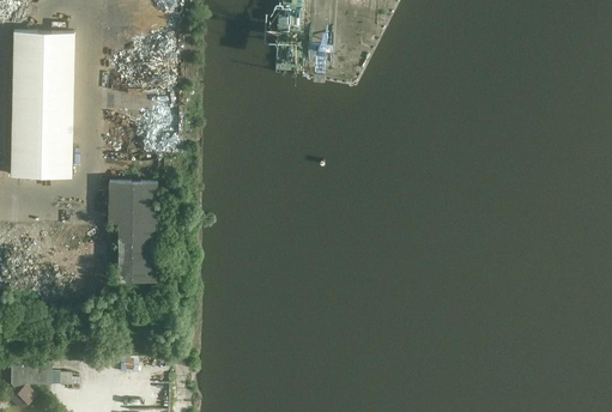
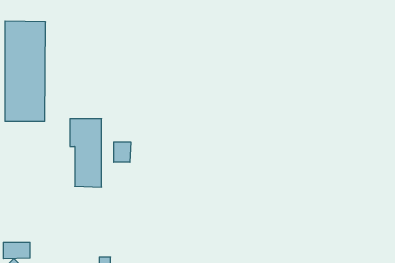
building: none -> [114,142,131,162]

